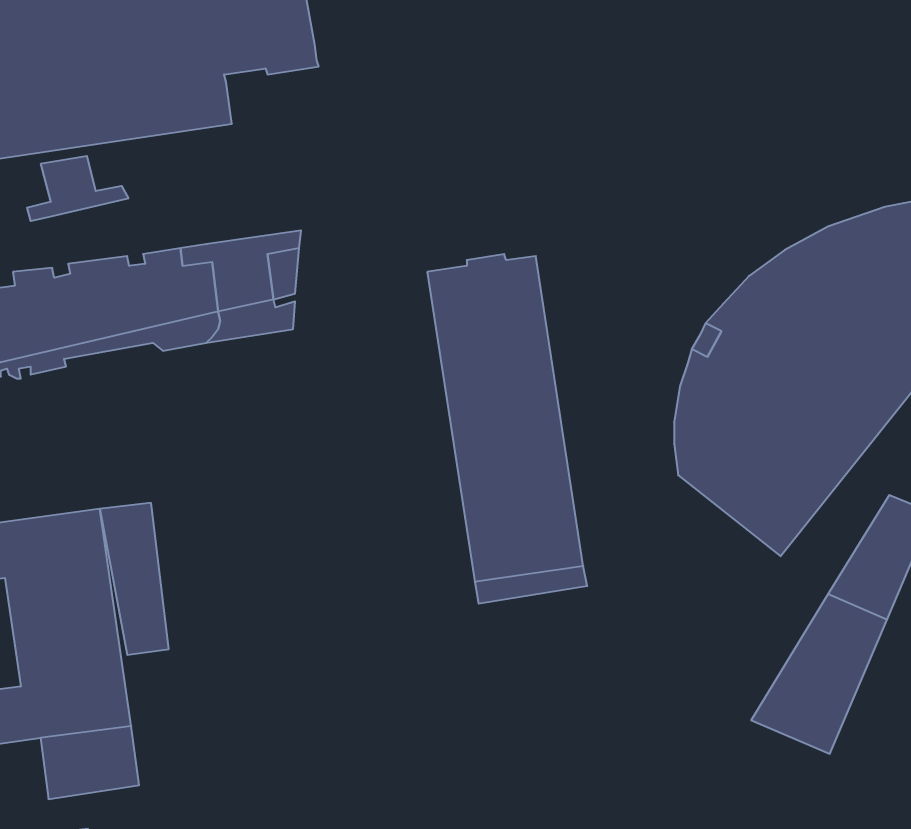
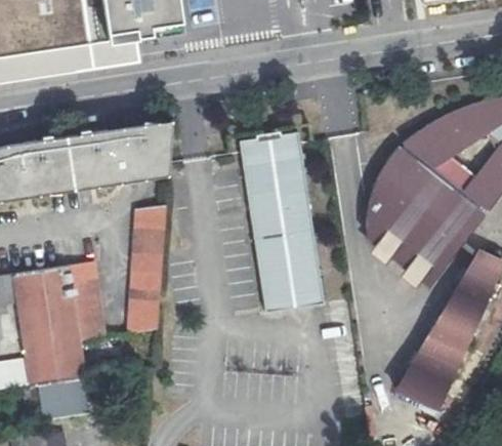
building: [27,156,128,221] -> none
building: none -> [128,205,165,333]
building: none -> [393,374,447,414]

